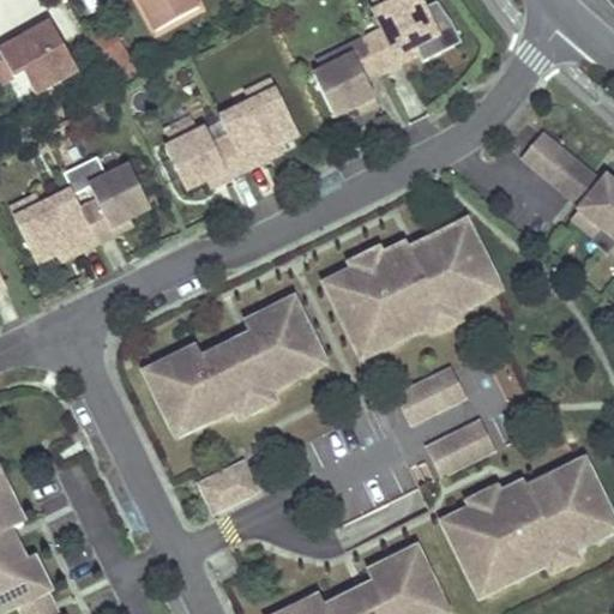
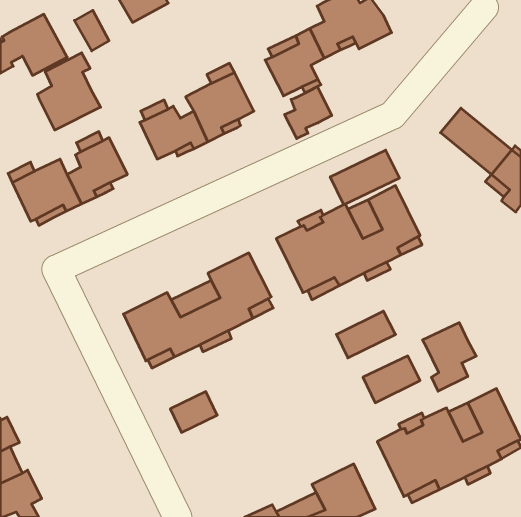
building: none -> [37,53,101,130]
building: none -> [285,87,332,139]
building: none -> [330,150,399,205]
building: none -> [423,323,476,391]

